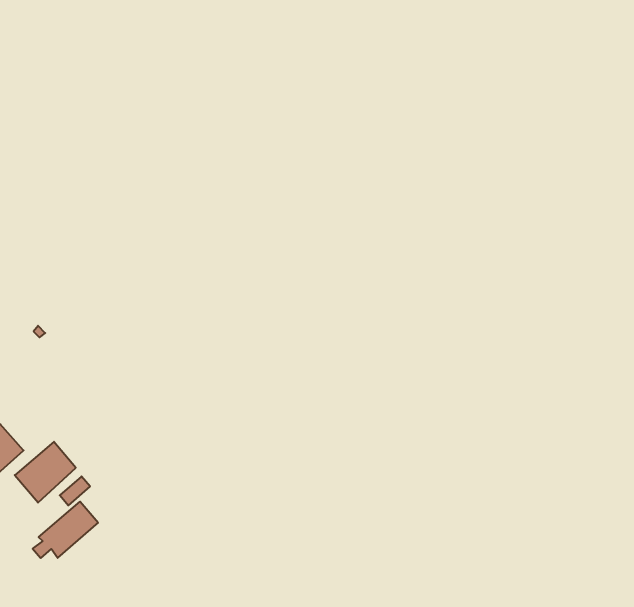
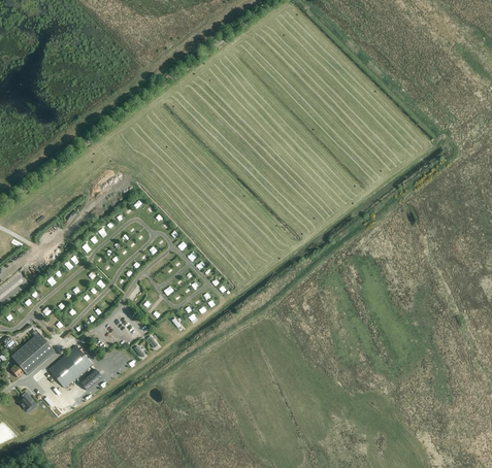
building: [33,502,98,558] -> none

